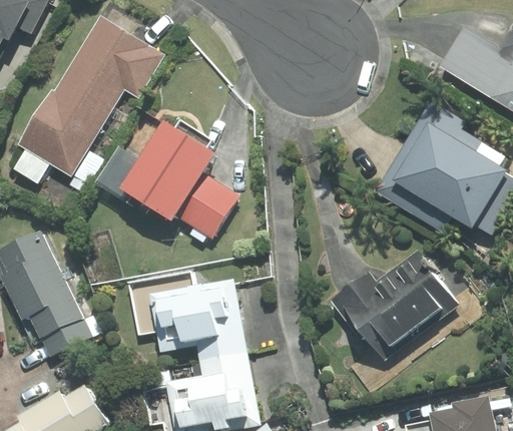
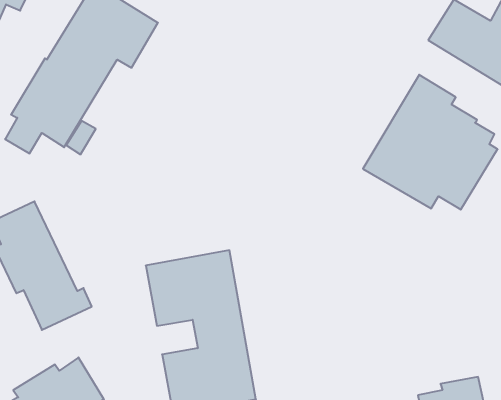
building: [129,118,238,241] -> none
building: [323,253,451,366] -> none

